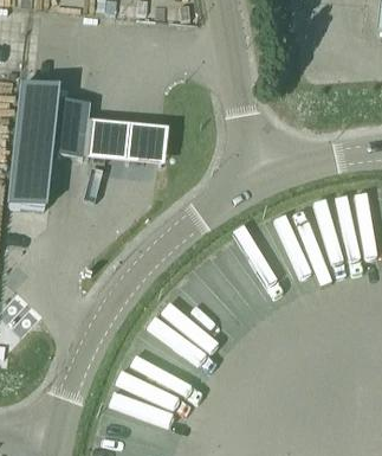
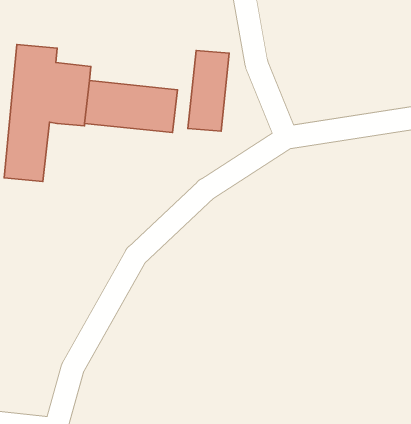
building: none -> [188,50,229,131]

